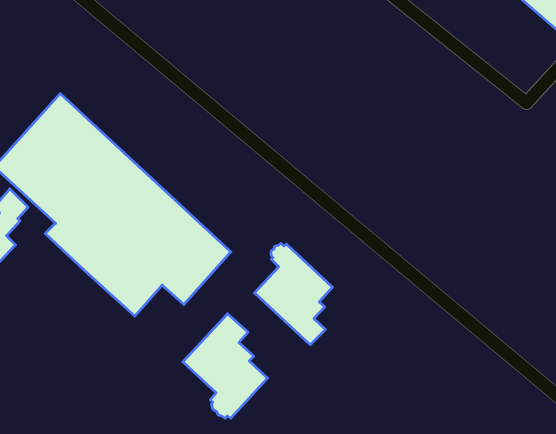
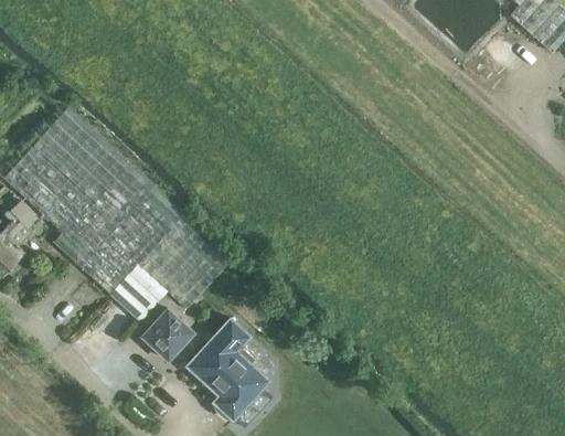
building: [254,243,333,345] -> none
building: none -> [142,309,194,360]

